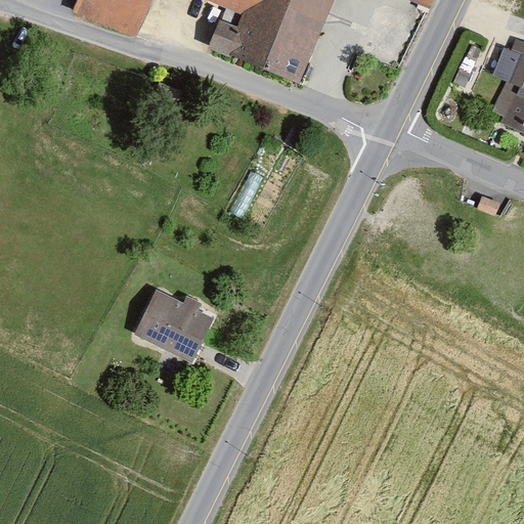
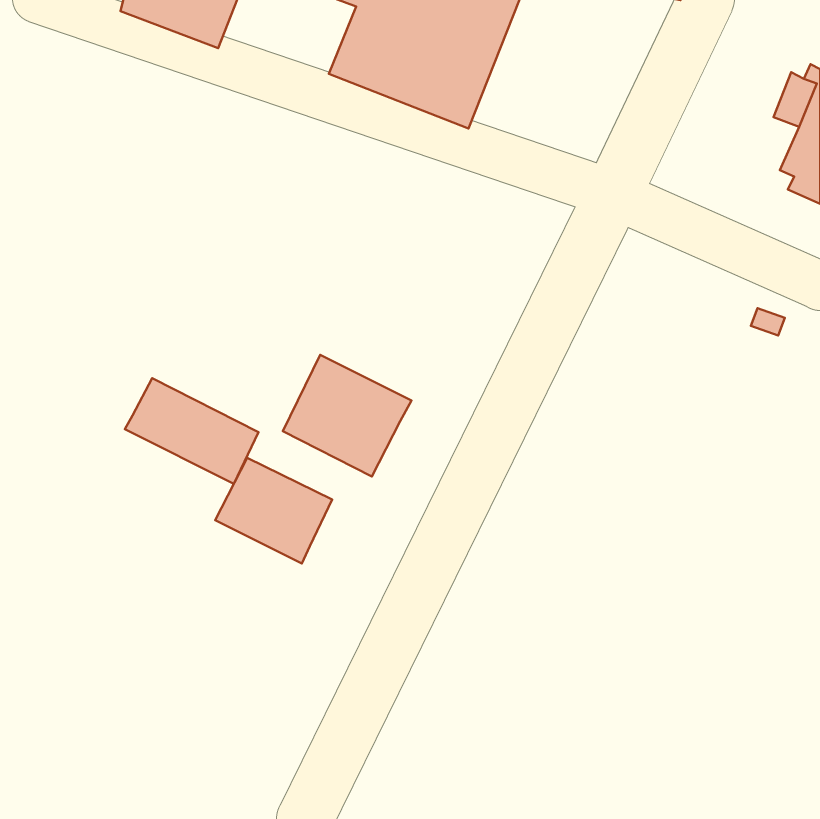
building: none -> [283,355,411,477]
building: none -> [125,378,259,484]

